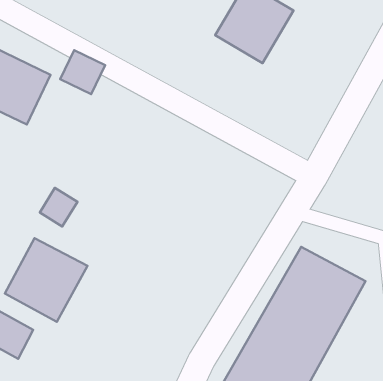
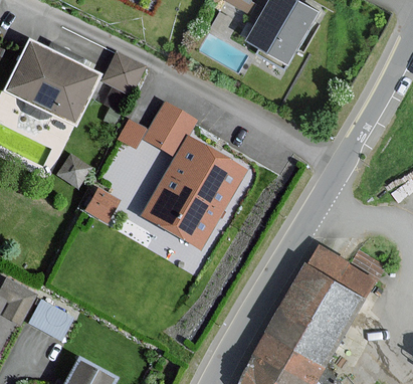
building: none -> [116,103,241,249]
building: [5,238,87,322] -> none

